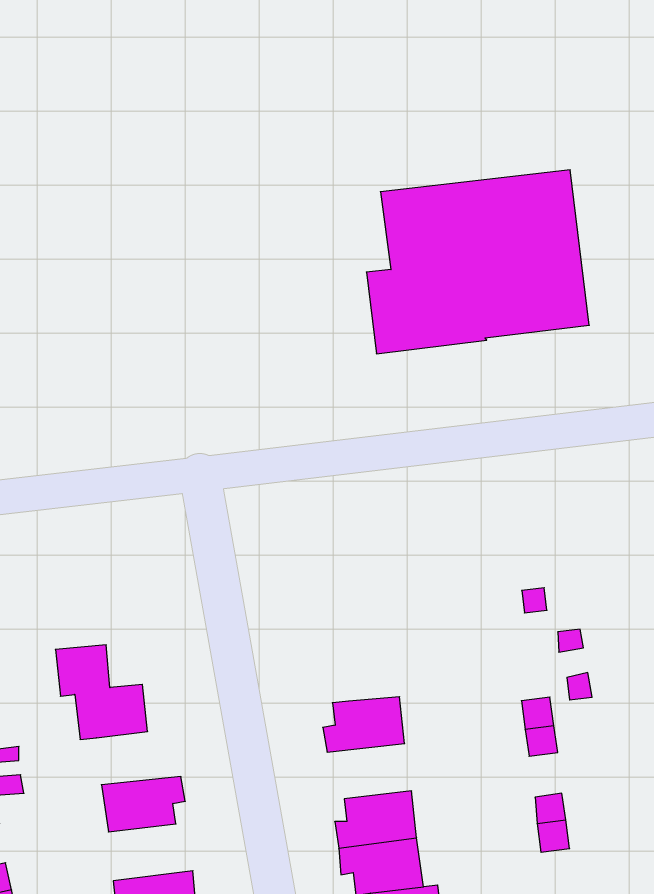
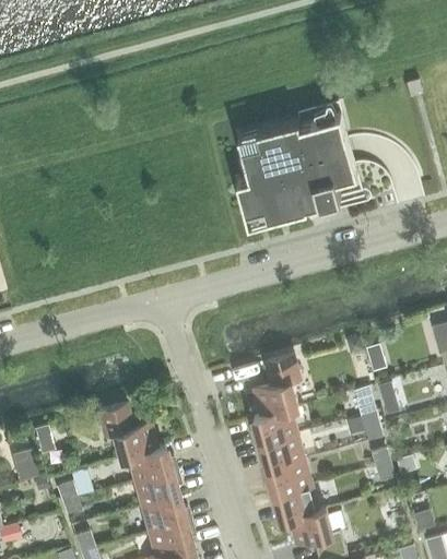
building: none -> [256,356,301,416]
building: none -> [128,447,177,481]
building: none -> [255,435,304,469]
building: none -> [142,497,191,533]

